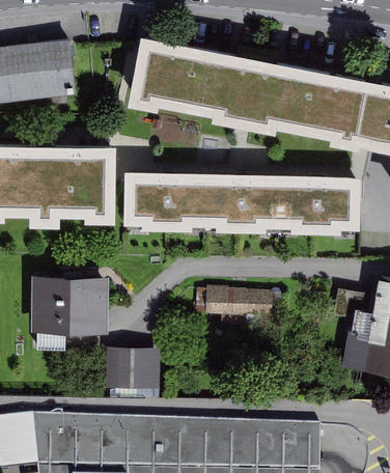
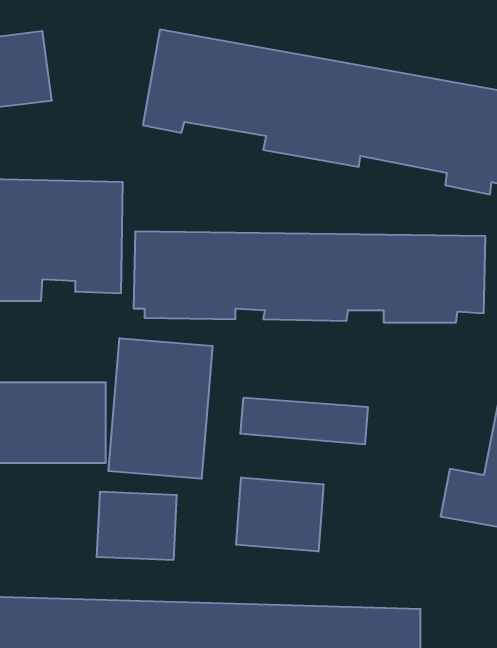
building: none -> [109,338,213,479]
building: none -> [236,477,324,552]

